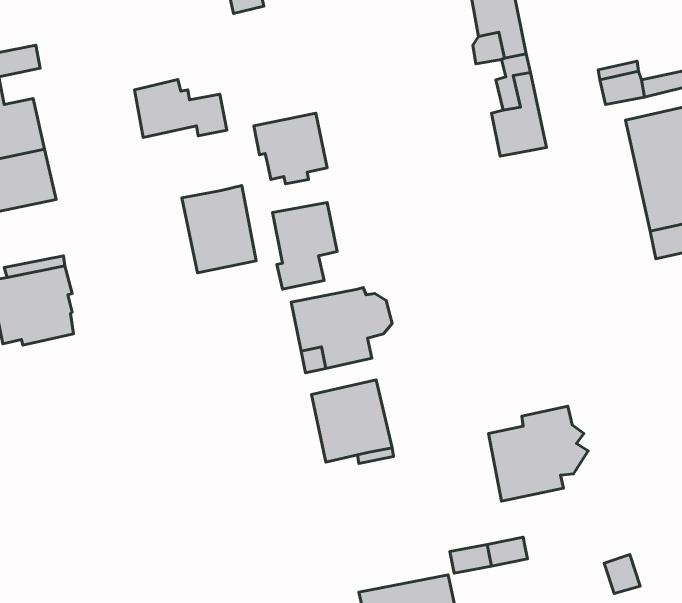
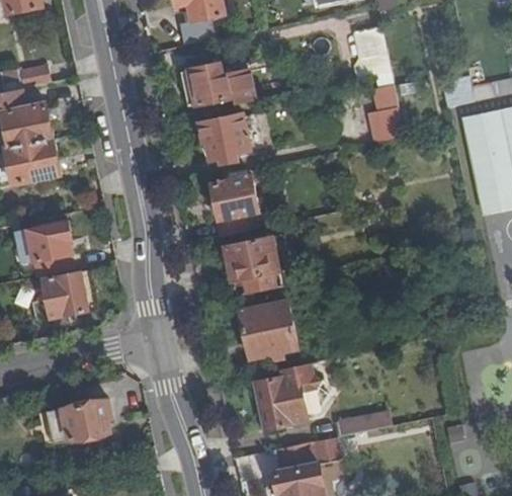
building: [135,80,227,137] -> [189,64,254,104]
building: [182,186,256,273] -> none
building: none -> [30,271,89,324]
building: [489,406,588,501] -> [255,362,325,429]
building: none -> [47,399,111,442]

